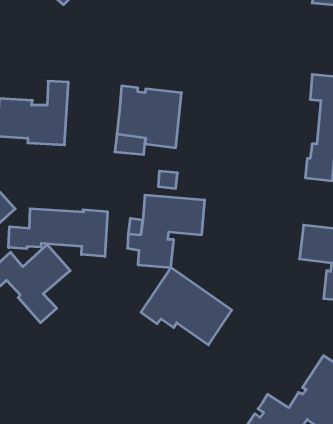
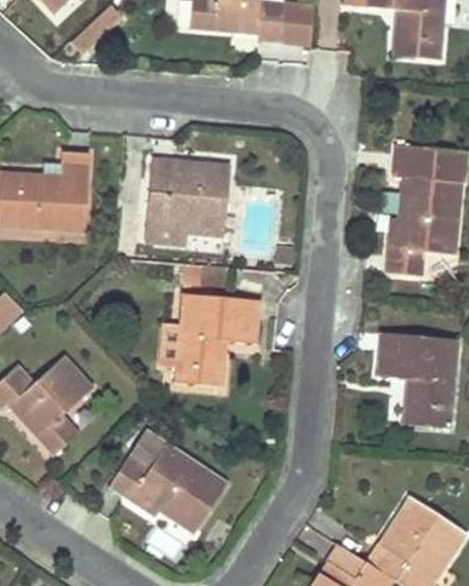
building: [9,209,107,257] -> none
building: [141,268,232,345] -> [110,431,224,528]

